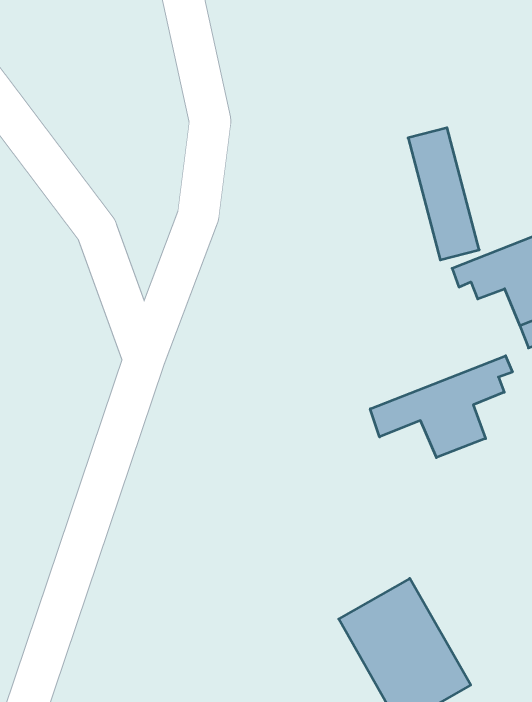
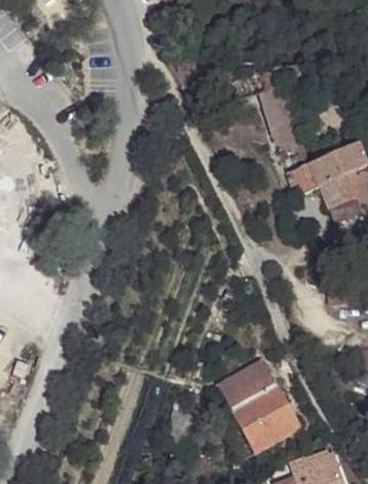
building: [370,356,512,458] -> none

